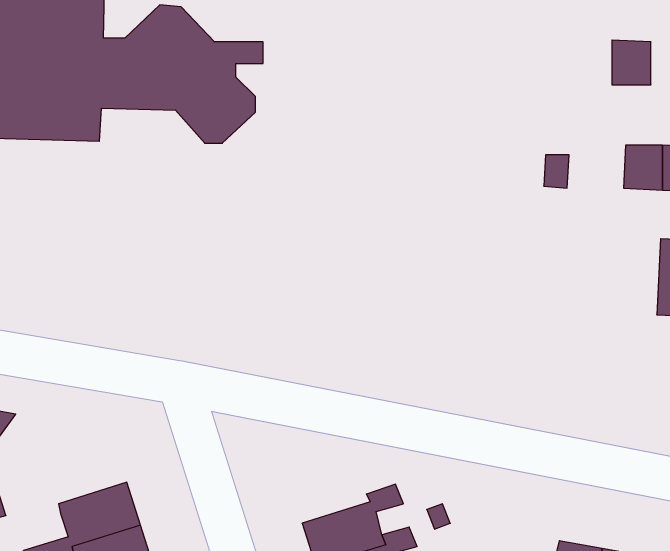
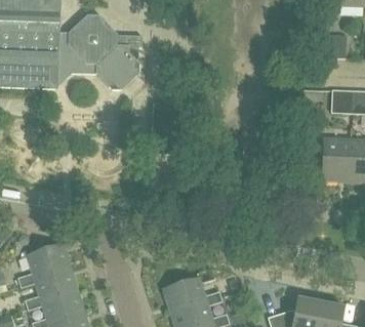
building: none -> [321,137,351,178]
building: none -> [17,243,70,287]

